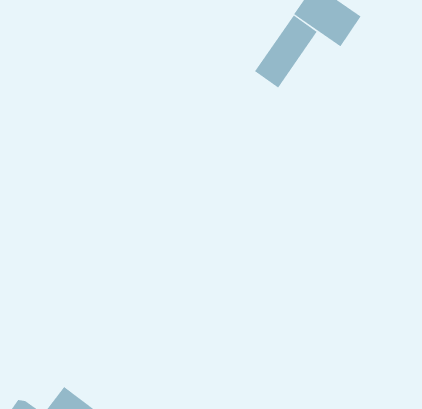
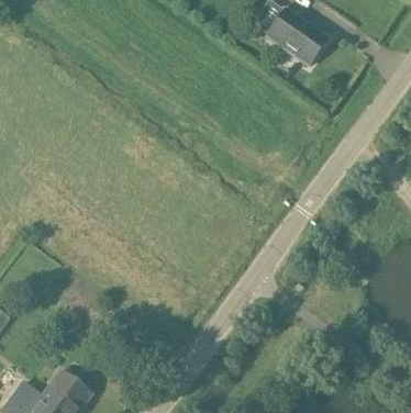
building: [254,15,318,89] -> none

